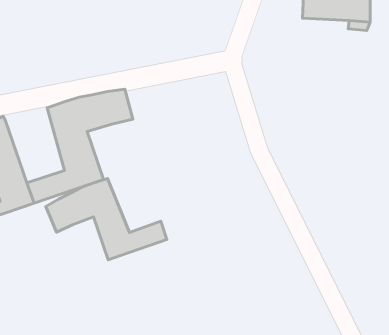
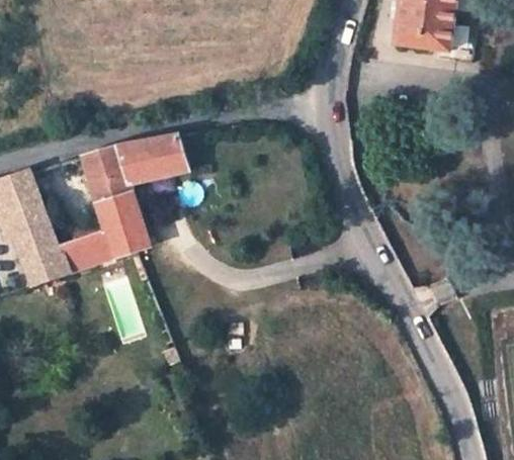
building: [46,179,167,260] -> none

